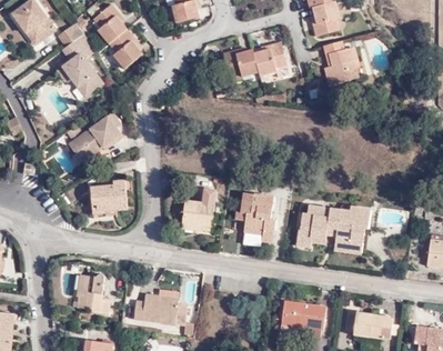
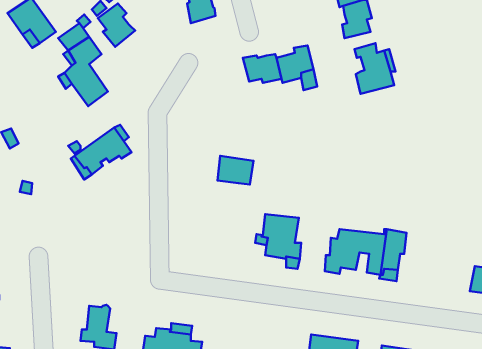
building: [109,29,142,69] -> none
building: [90,181,128,213] -> none
building: [182,200,214,225] -> [218,156,254,184]

